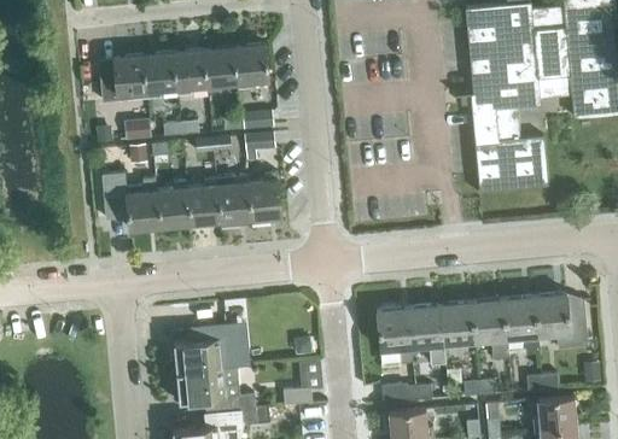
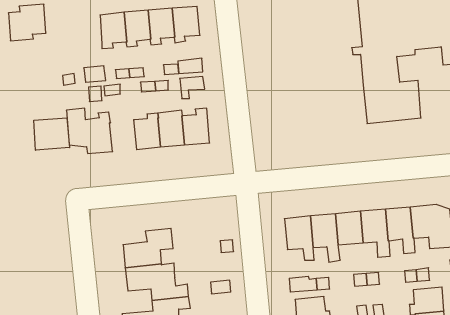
building: [100,55,147,101] -> [8,4,46,41]
building: [157,181,191,227] -> none
building: none -> [34,118,70,150]

